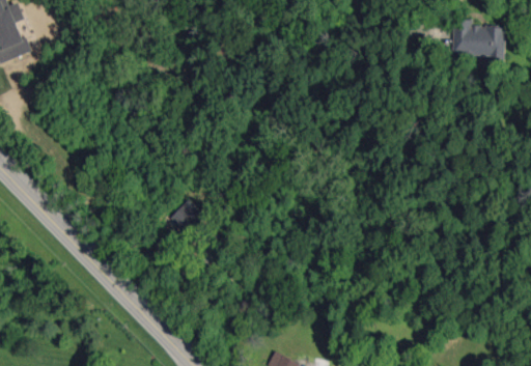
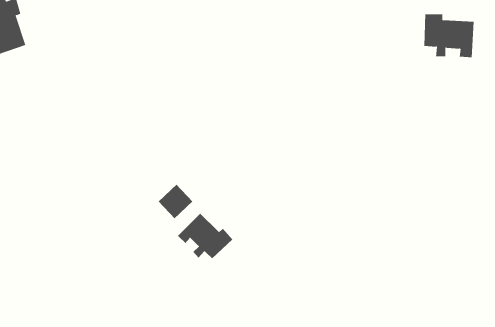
building: none -> [177,213,233,259]

